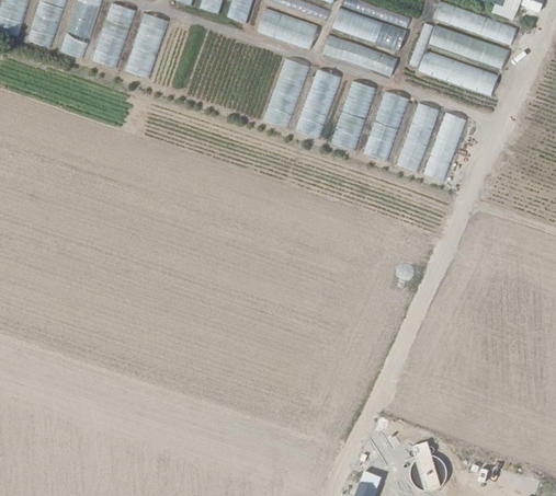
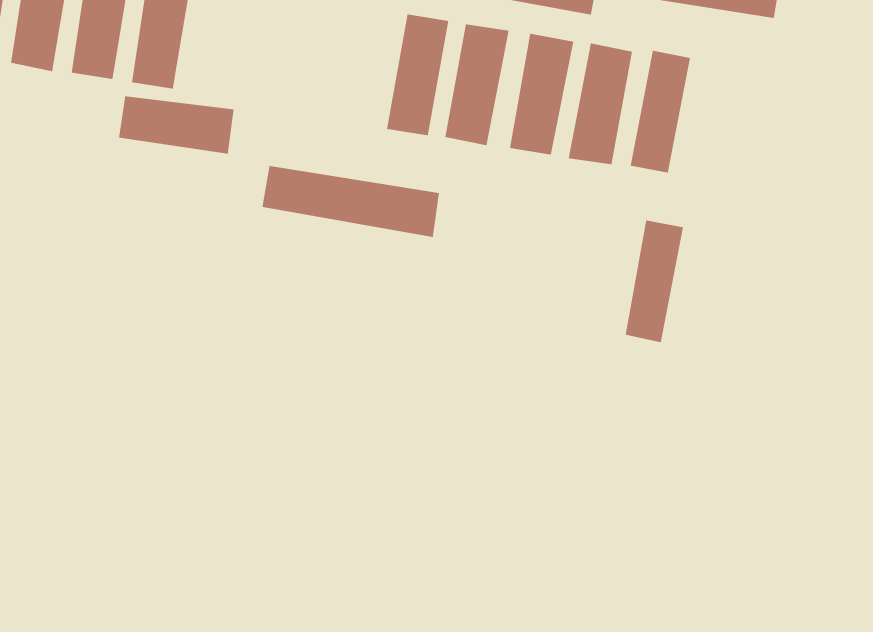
building: none -> [119,95,234,155]
building: [423,112,466,182] -> [625,220,684,343]
building: none -> [262,165,439,238]

